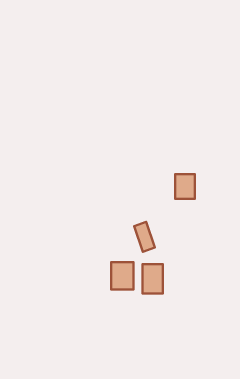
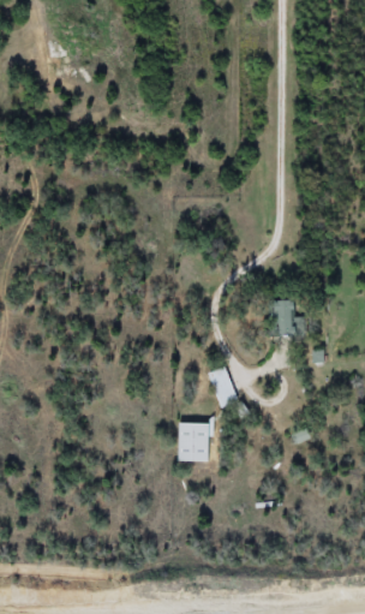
building: [142,264,163,293] -> none

